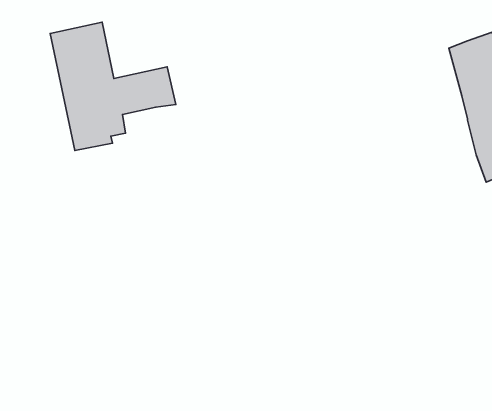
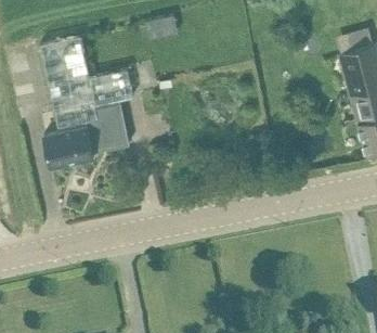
building: none -> [44,95,130,162]

